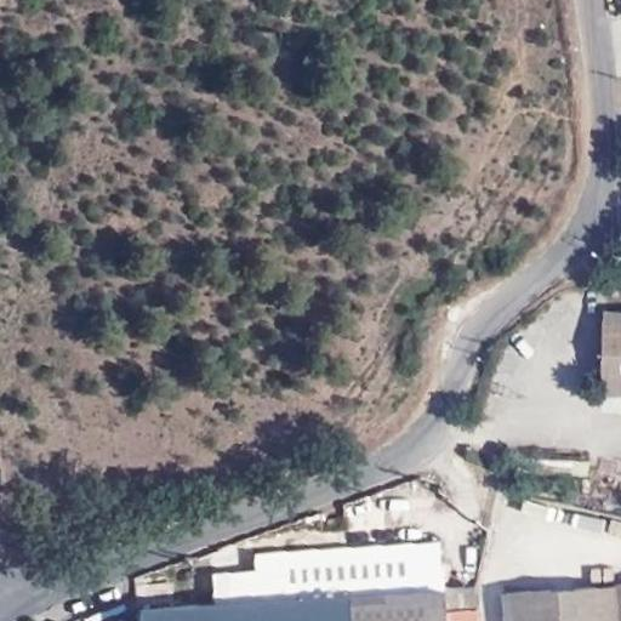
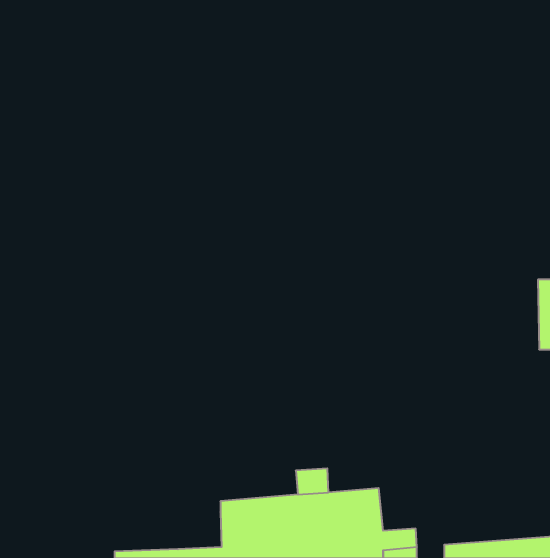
building: [204,569,255,610] -> none

